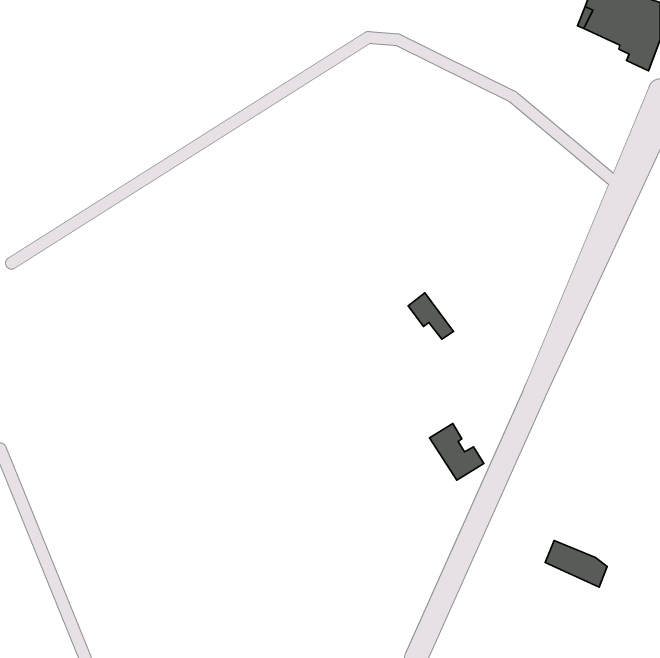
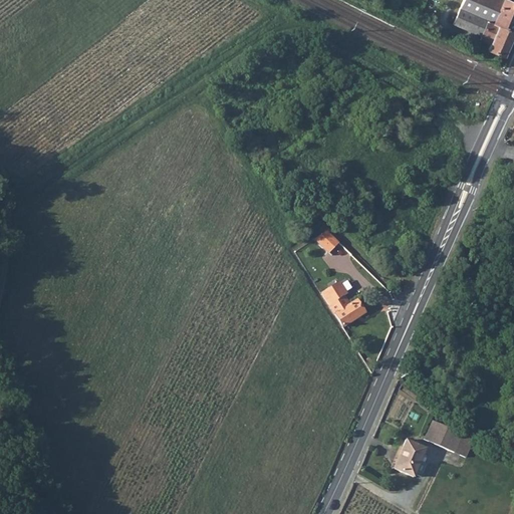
building: [430,423,484,480] -> [322,281,364,325]
building: none -> [393,439,426,477]

